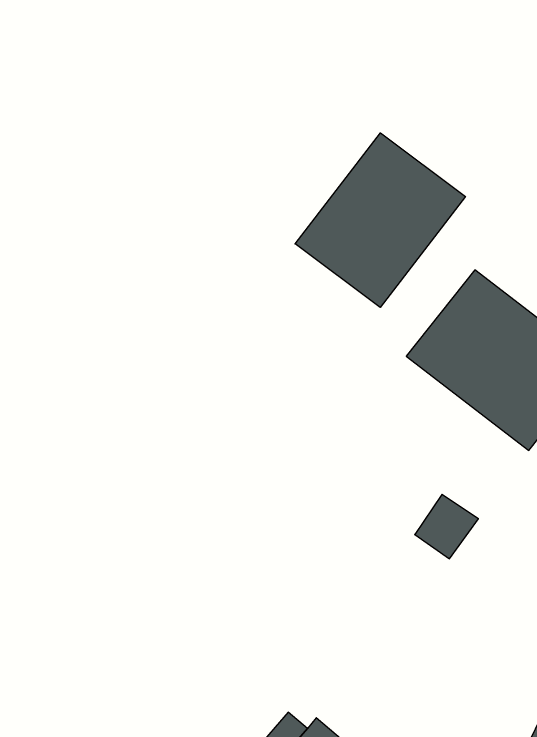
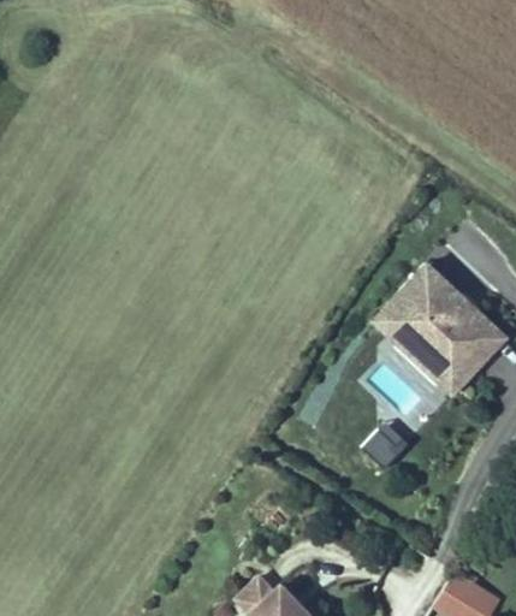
building: [295,133,465,307] -> none

